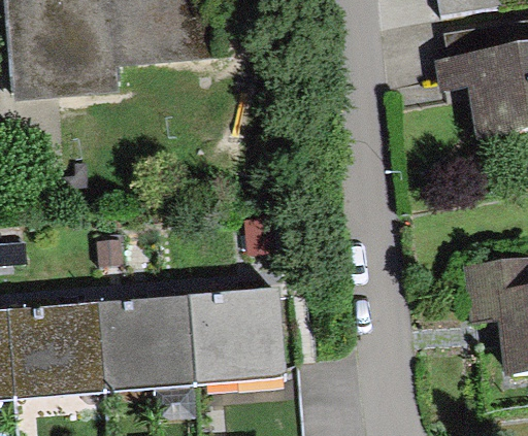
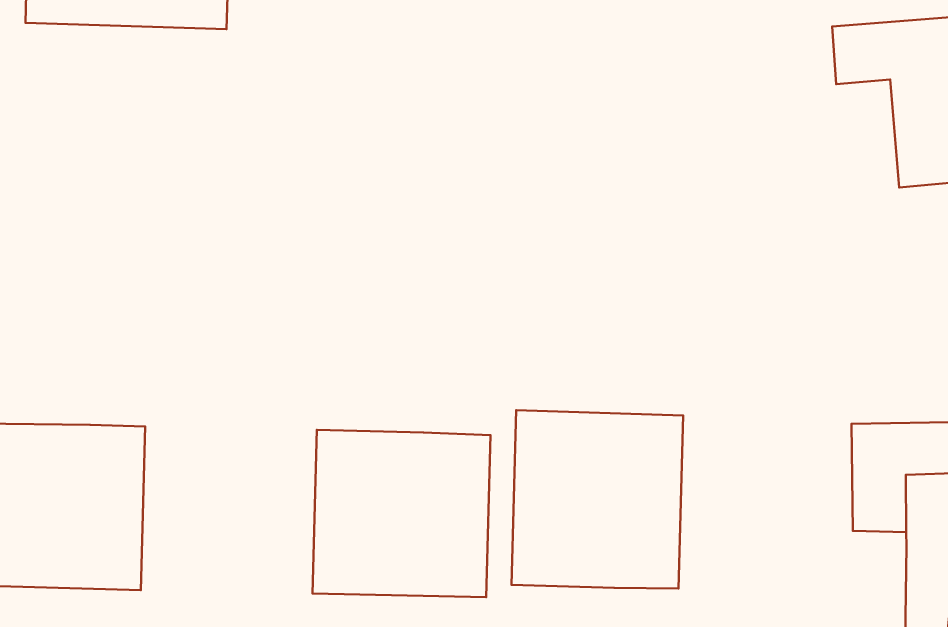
building: none -> [512,410,683,588]
building: [98,296,194,389] -> none

